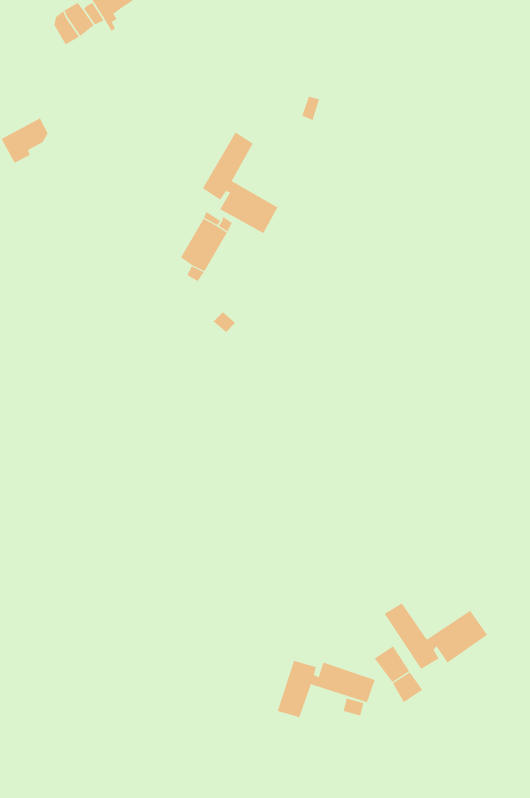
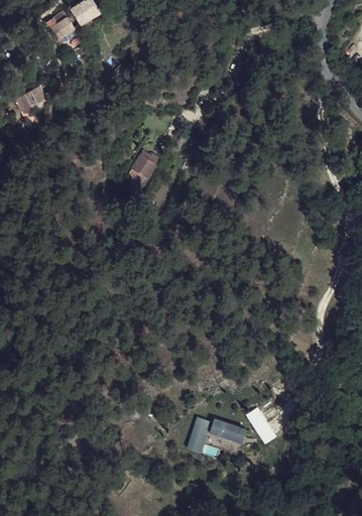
building: [202,131,278,234] -> none
building: [384,603,488,670] -> none

